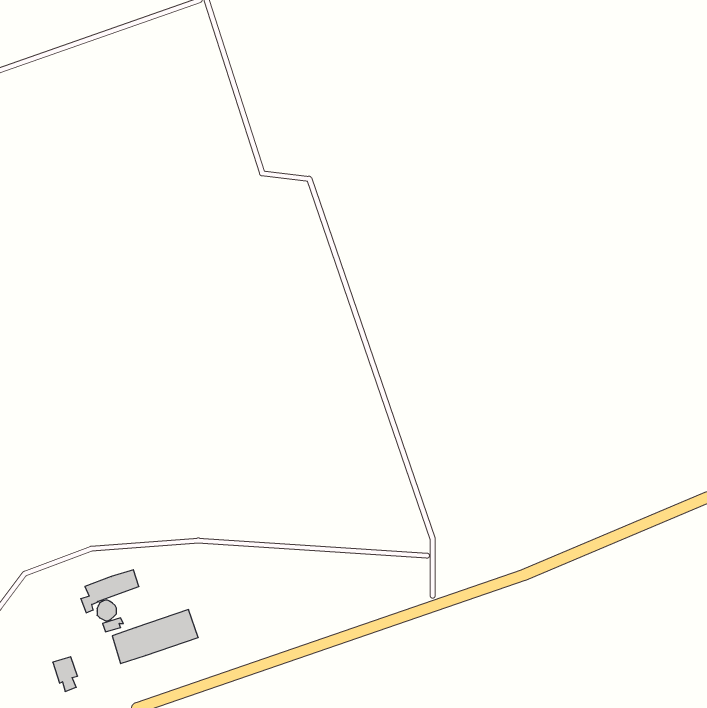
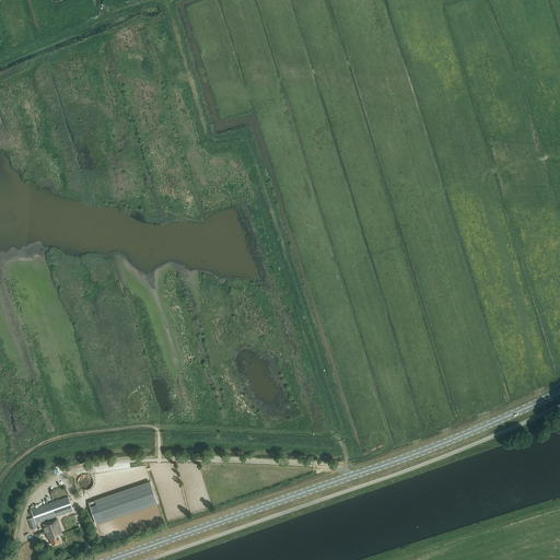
building: [81,570,139,613] -> [26,497,72,530]

